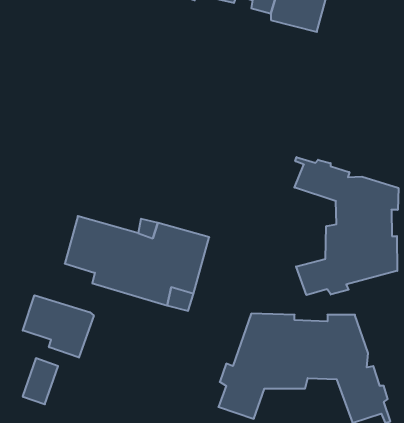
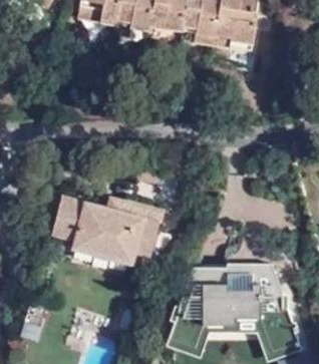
building: [294,157,398,295] -> none
building: [23,295,94,358] -> none

